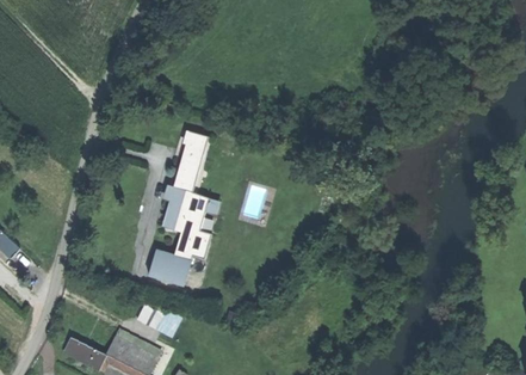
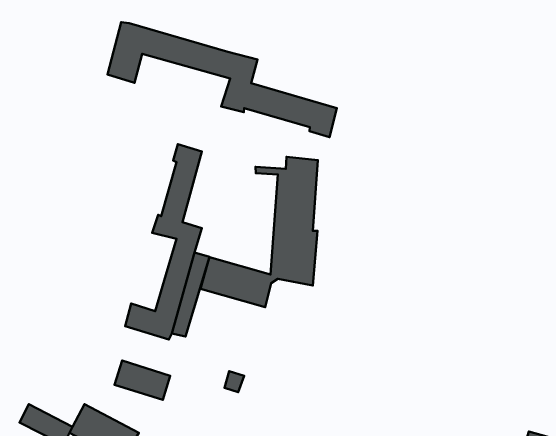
building: none -> [107,22,337,137]
building: none -> [200,157,318,307]

